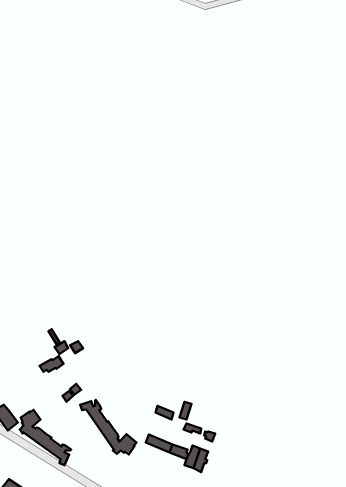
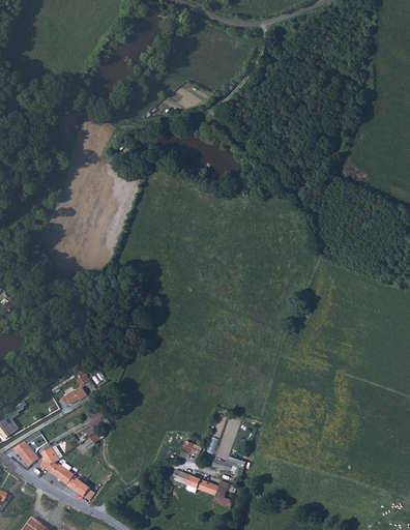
building: [80,400,137,454] -> none

